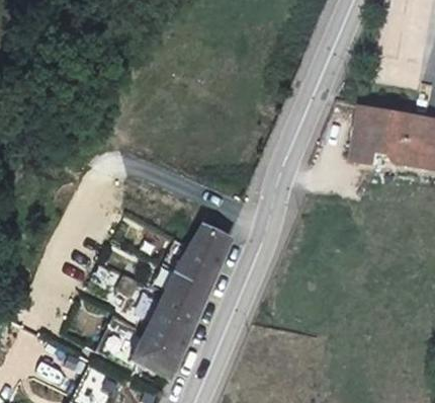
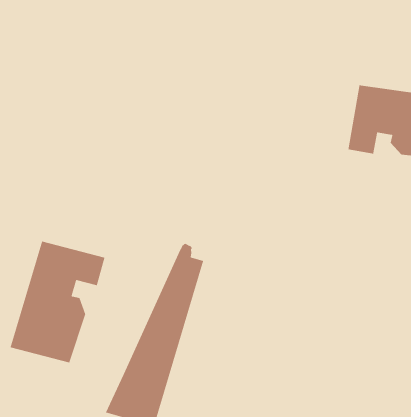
building: none -> [10,241,105,363]

